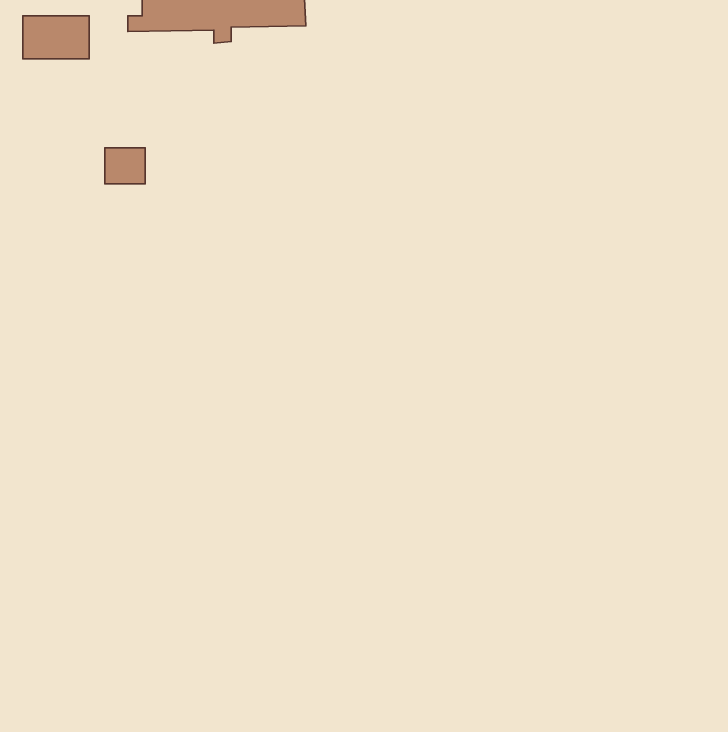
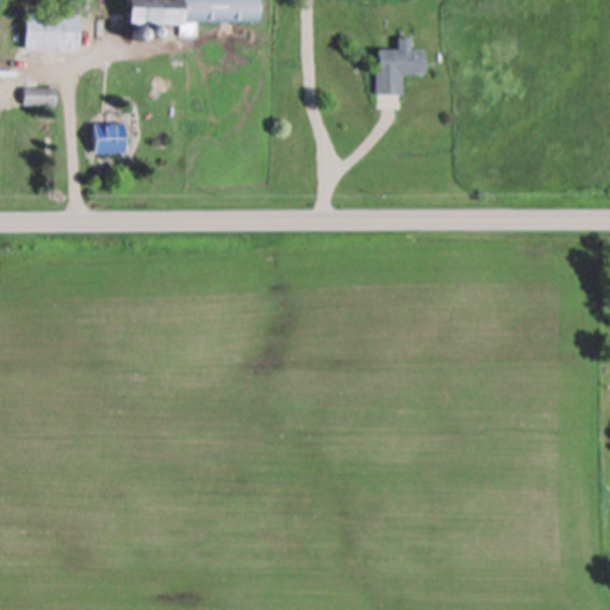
building: none -> [376,37,425,94]
building: none -> [24,87,58,104]

